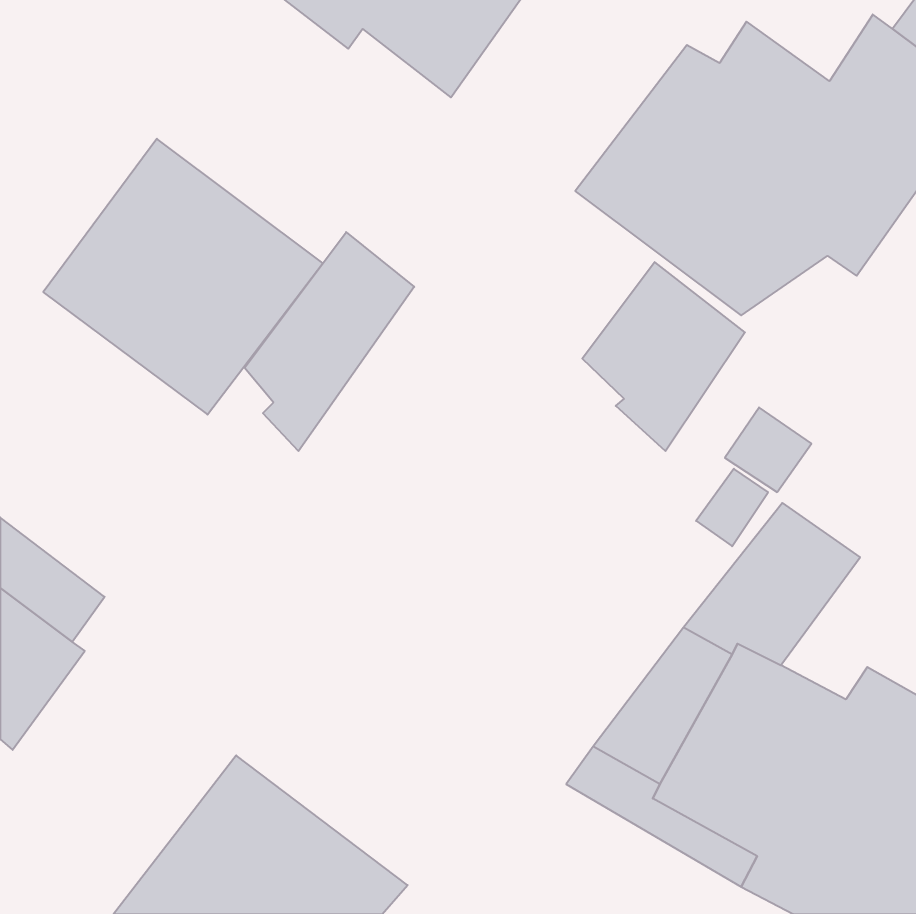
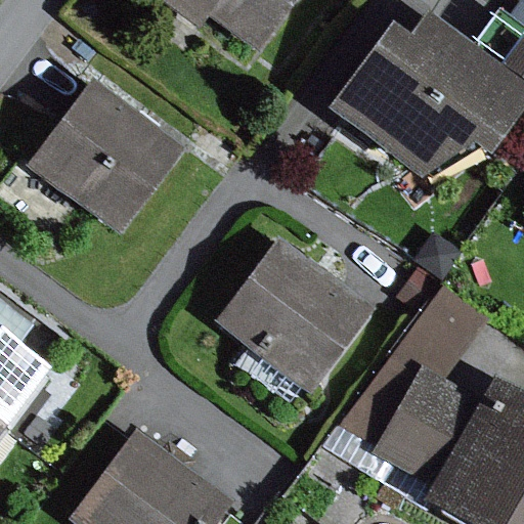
building: [244,232,414,451] -> none
building: [582,262,745,451] -> none
building: none -> [214,235,376,393]

